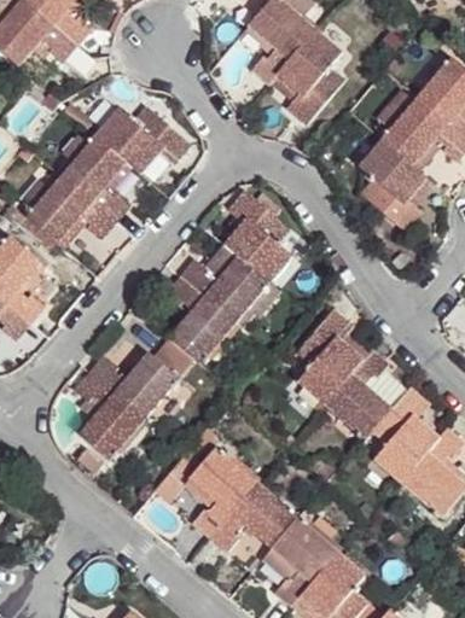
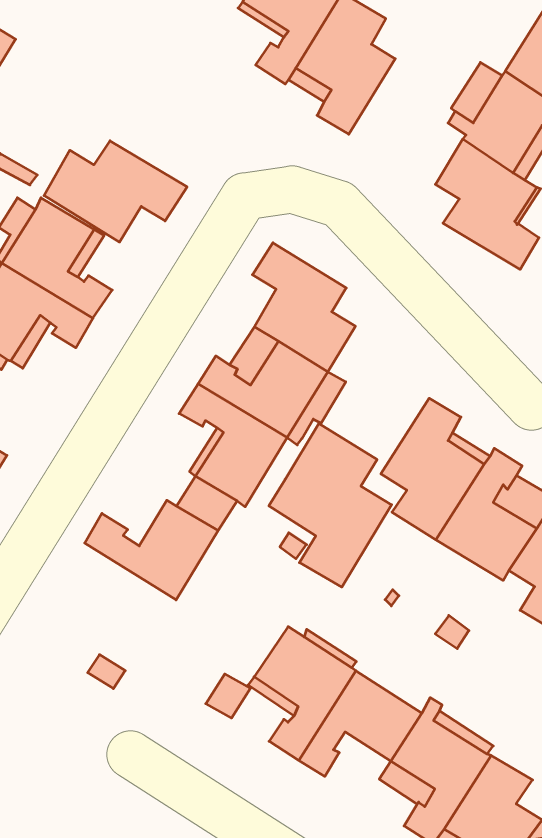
building: none -> [269,424,392,587]
building: [74,372,144,460] -> none

